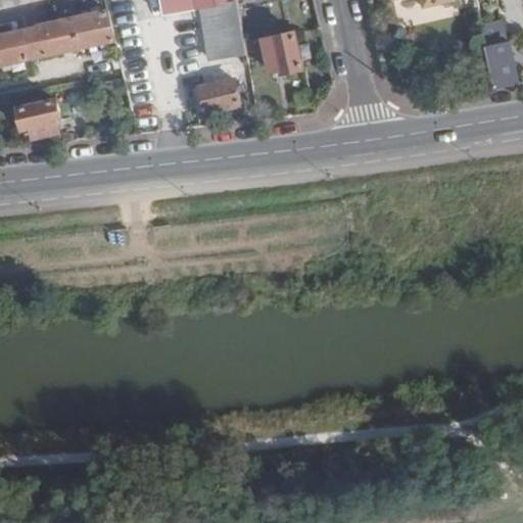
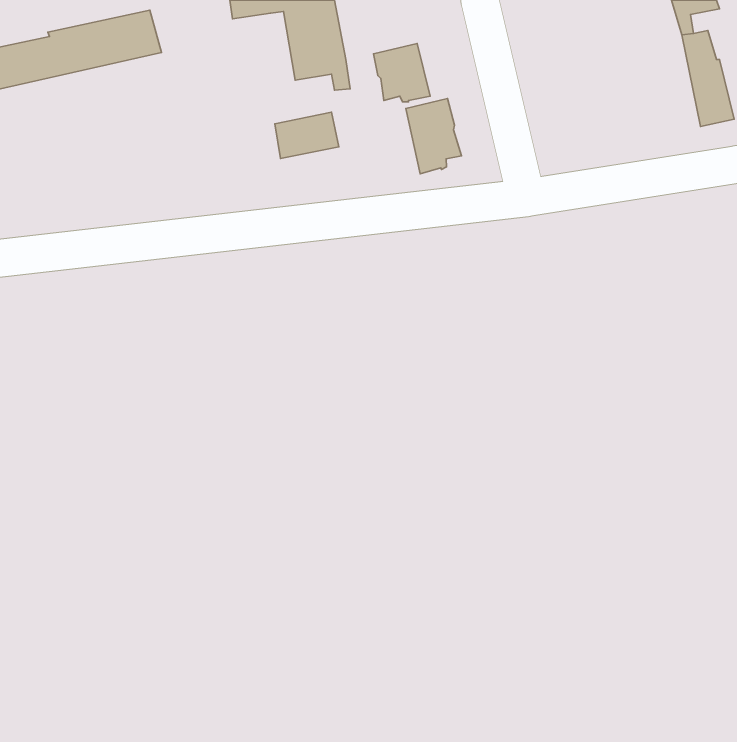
building: none -> [406,98,462,174]
building: [17,100,58,137] -> none

